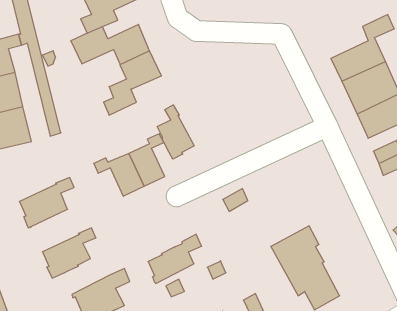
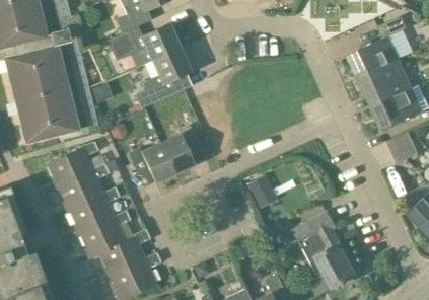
building: [157,105,194,159] -> none
building: none -> [48,141,98,189]
building: none -> [69,188,120,235]
building: [148,234,202,283] -> [100,228,150,274]

